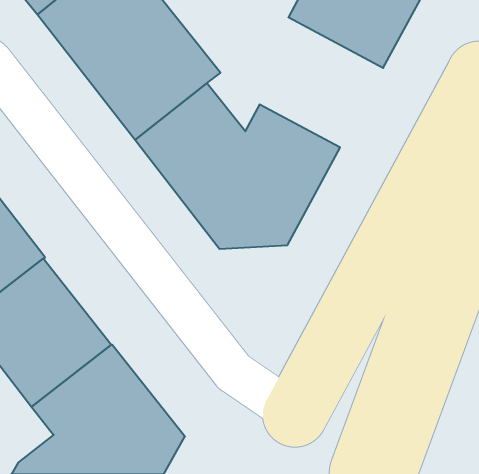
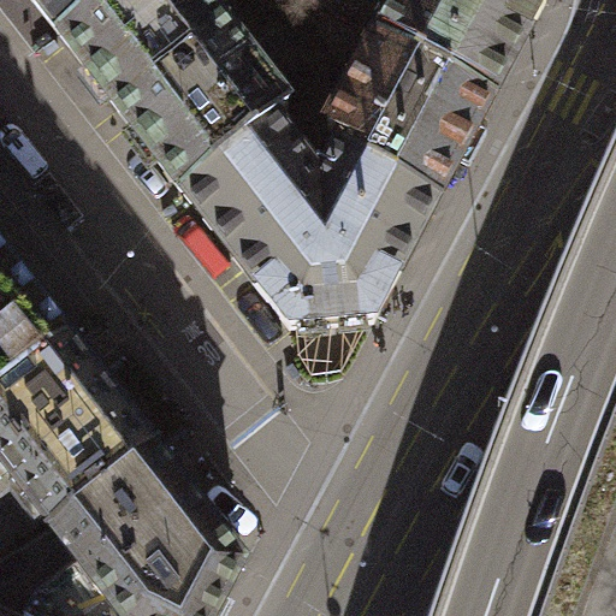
building: none -> [313,22,481,185]

